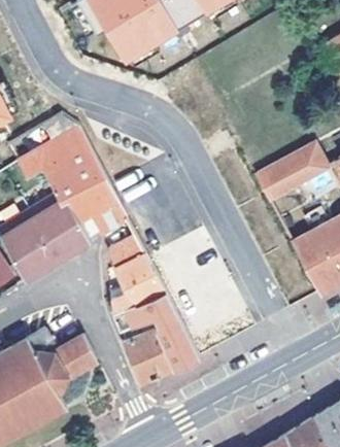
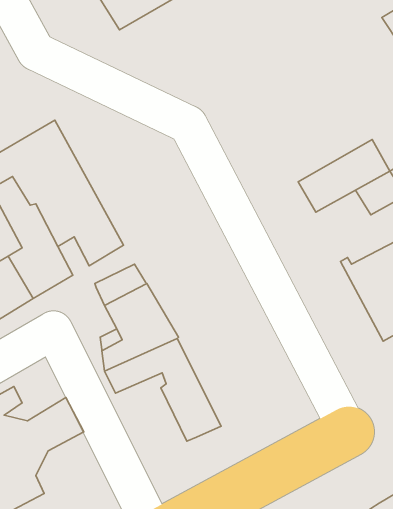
building: [122,329,174,386] -> none

